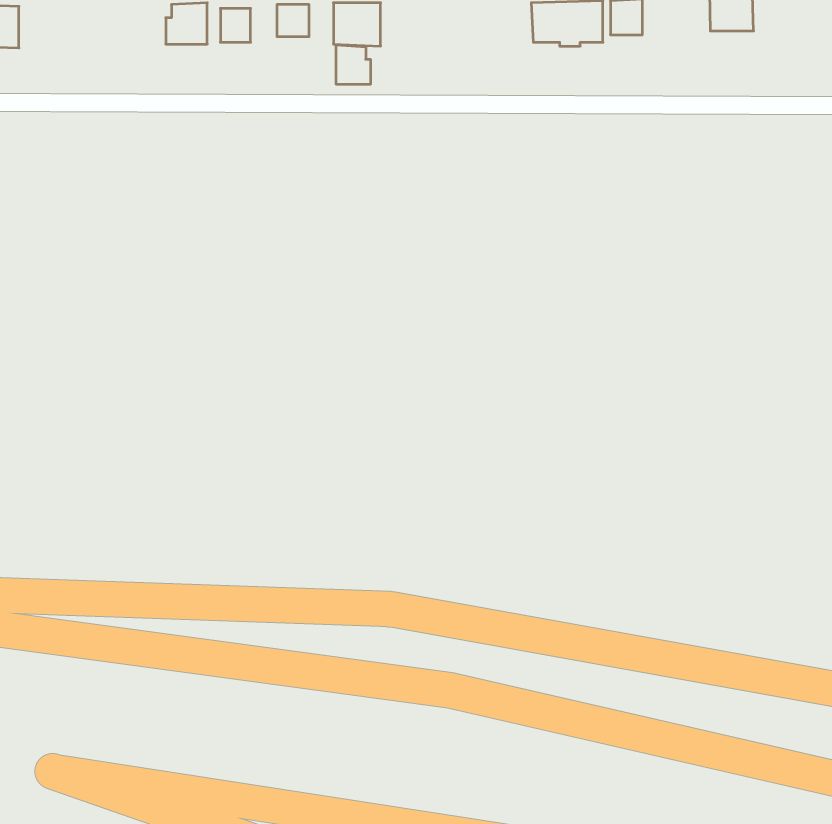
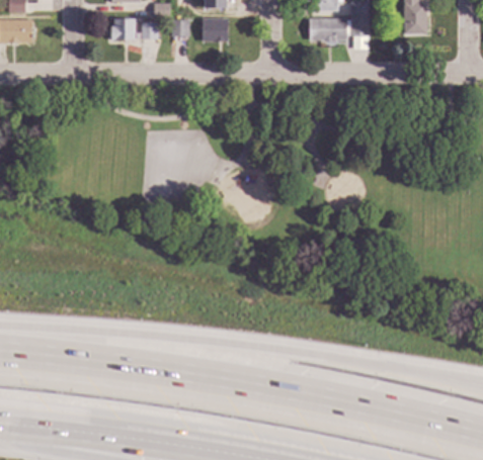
building: [336,45,370,84] -> none

